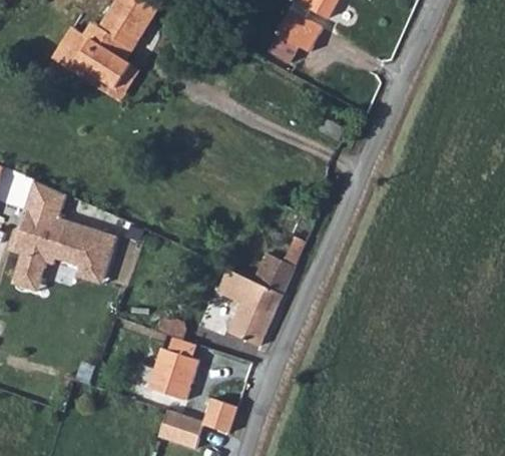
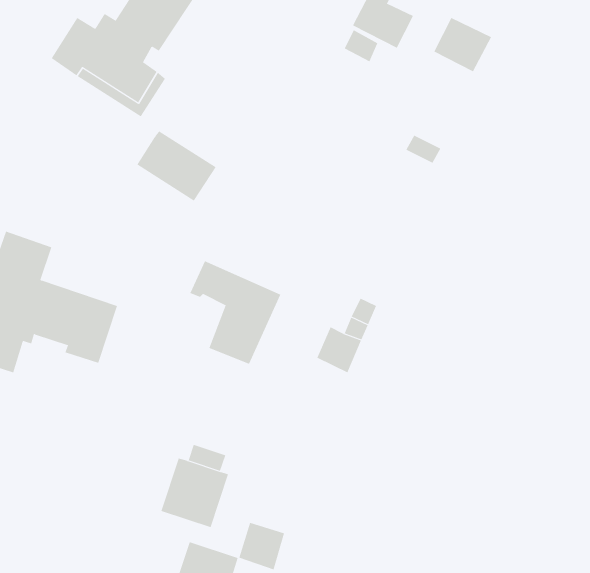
building: none -> [433,17,492,72]
building: none -> [136,130,217,201]
building: [211,268,279,344] -> [189,260,281,364]

